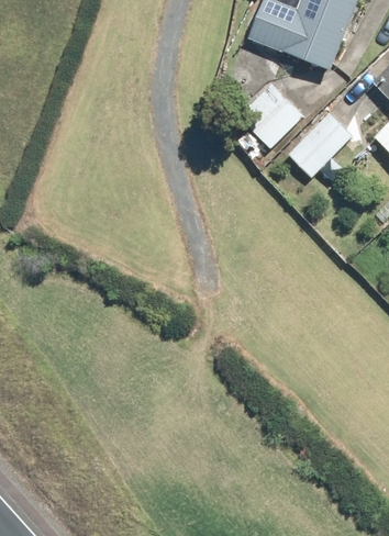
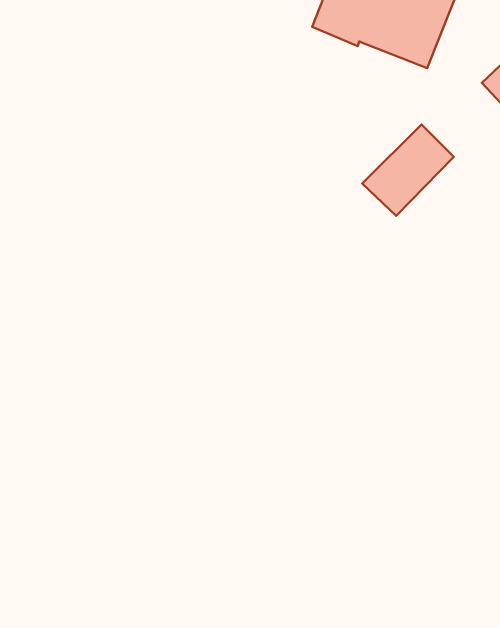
building: [238,85,303,149] -> none

